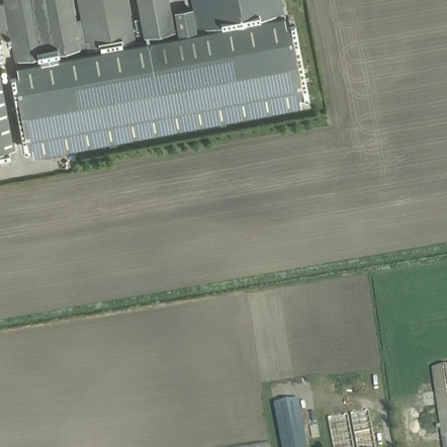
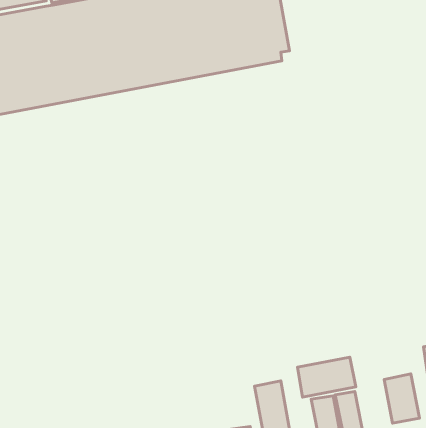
building: none -> [297,357,356,397]
building: none -> [384,374,420,423]

